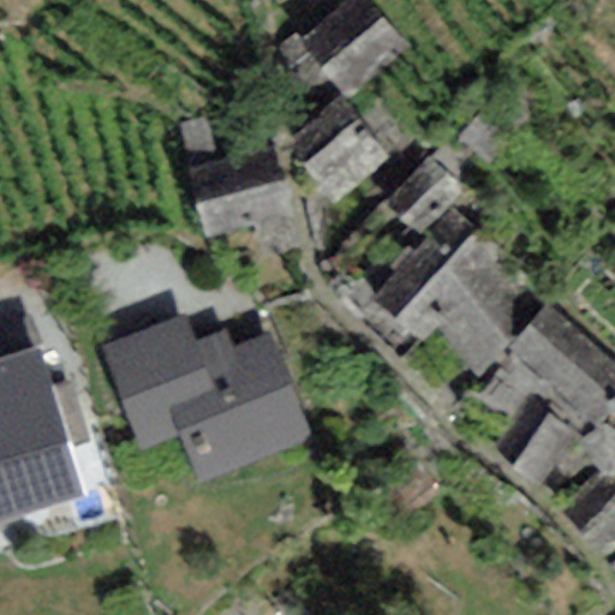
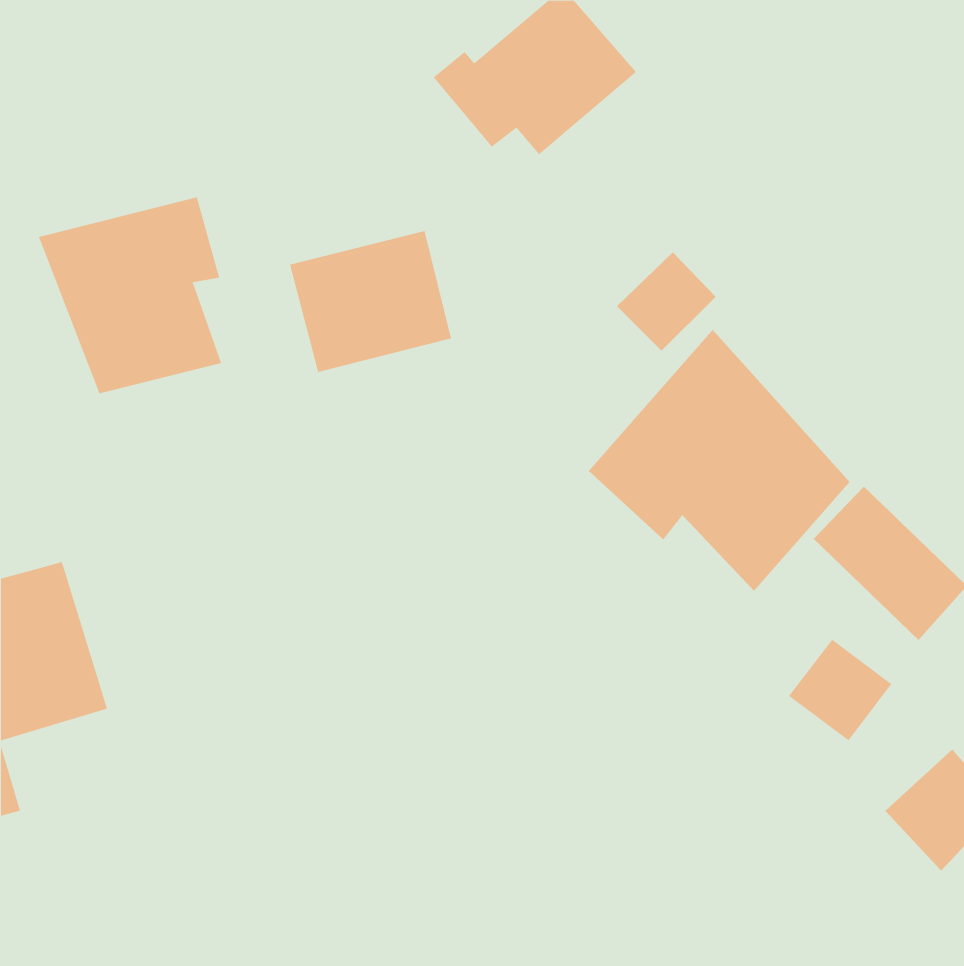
building: [286,98,388,202] -> none
building: none -> [38,197,222,394]
building: [111,334,310,474] -> none

